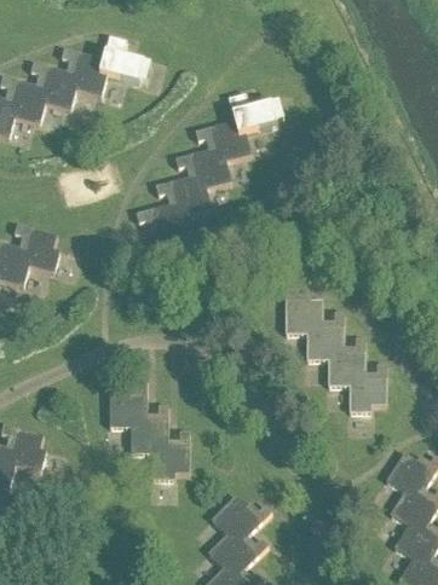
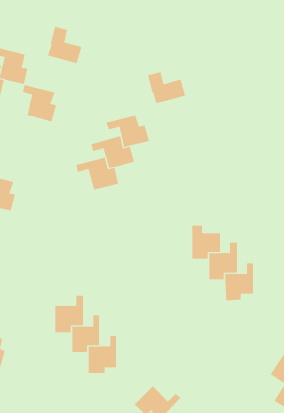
building: [62,48,106,97] -> [22,84,57,122]
building: [195,121,250,163] -> none
building: [348,364,386,412] -> none

